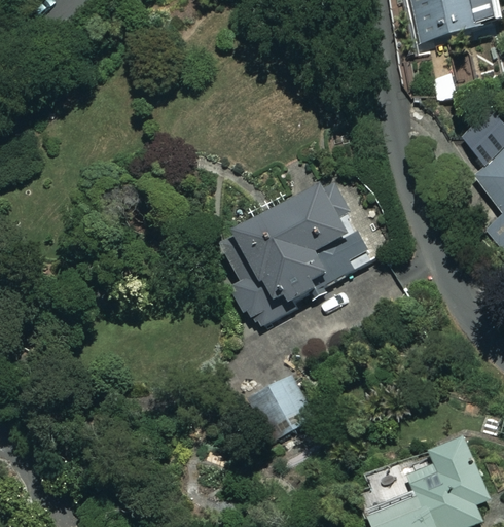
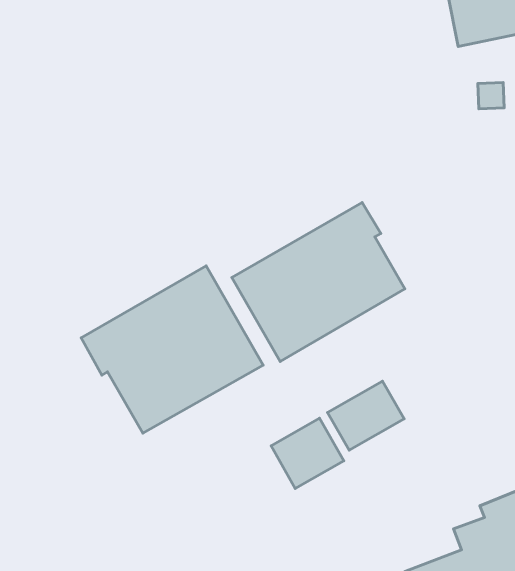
building: none -> [81,266,263,433]
building: none -> [327,381,404,450]

